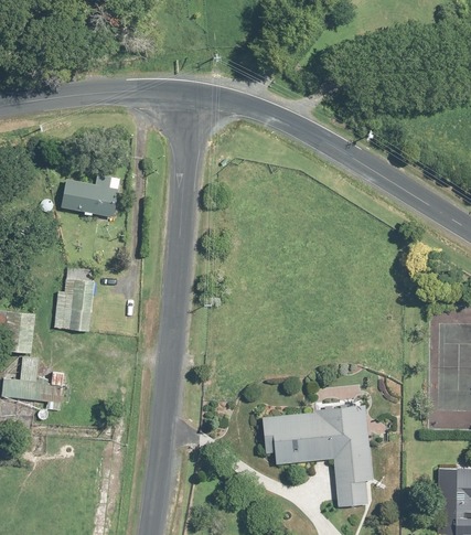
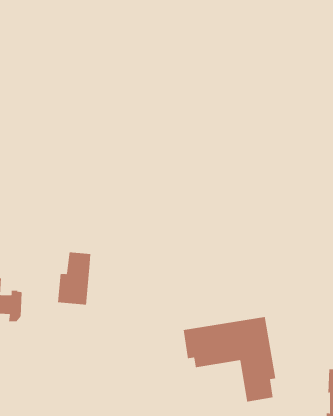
building: [60,168,121,217] -> none
building: [53,266,95,331] -> [57,252,91,305]

